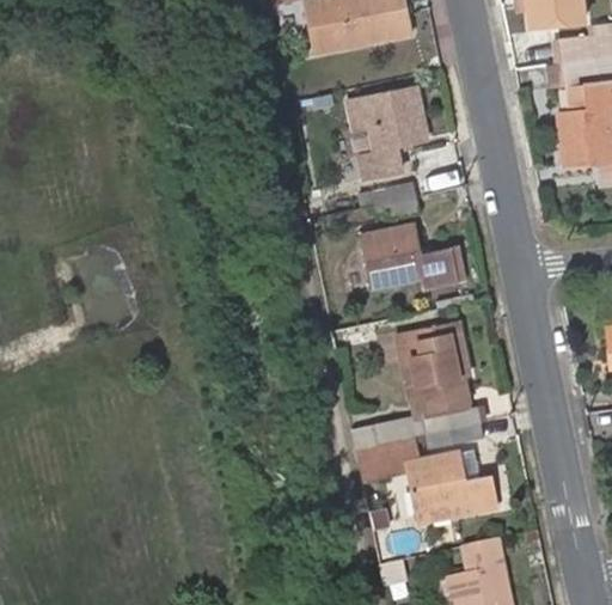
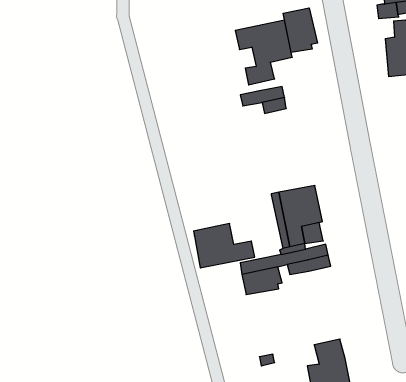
building: none -> [283,8,318,52]
building: [363,224,458,286] -> none
building: [408,451,495,514] -> [194,224,255,268]

